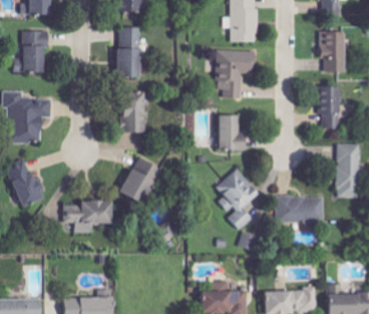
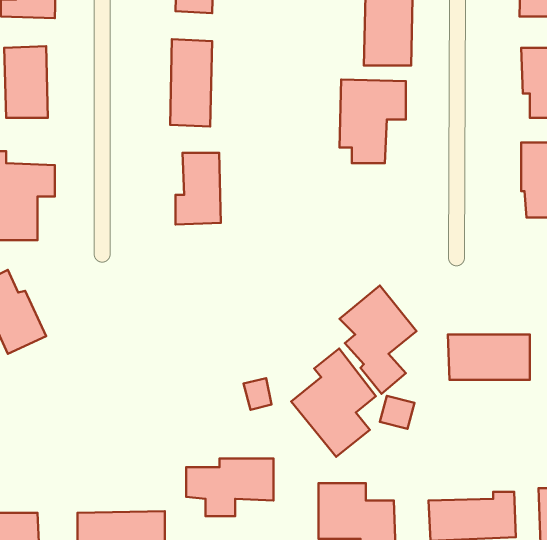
building: [219,114,246,149] -> none
building: [120,155,160,203] -> none
building: [62,200,112,233] -> [186,458,273,516]
building: none -> [291,348,376,457]

